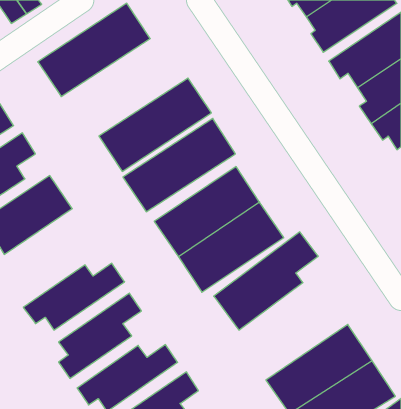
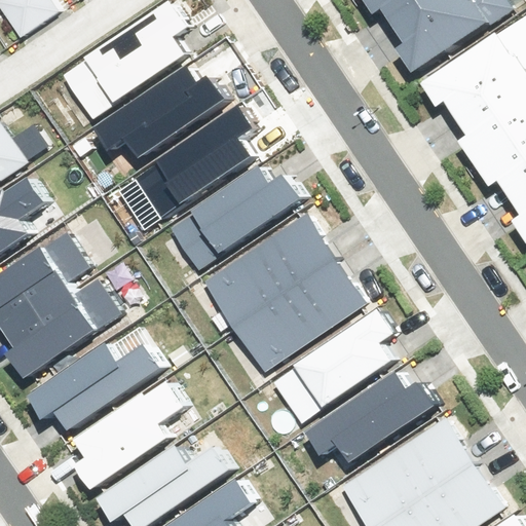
building: none -> [88,52,232,172]
building: none -> [5,269,121,377]
building: none -> [316,381,440,457]

